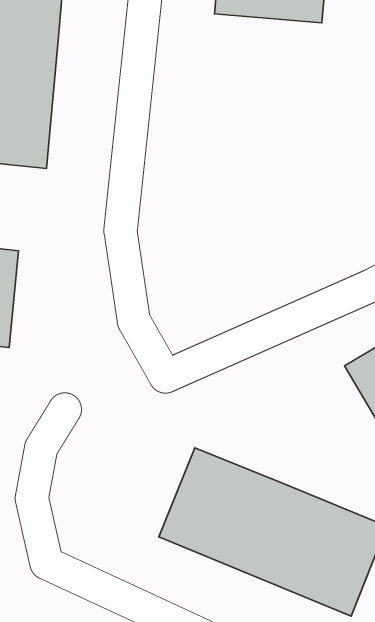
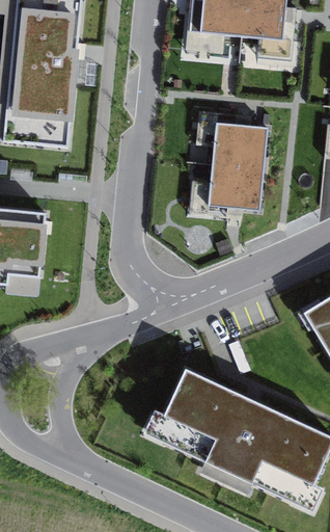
building: none -> [208,123,267,211]

